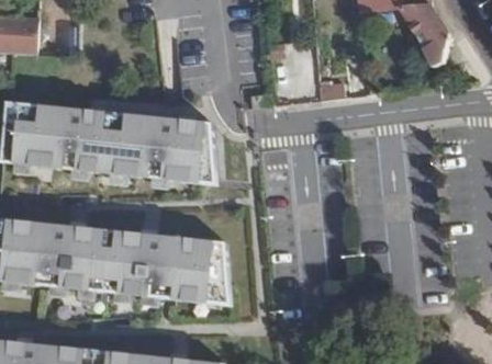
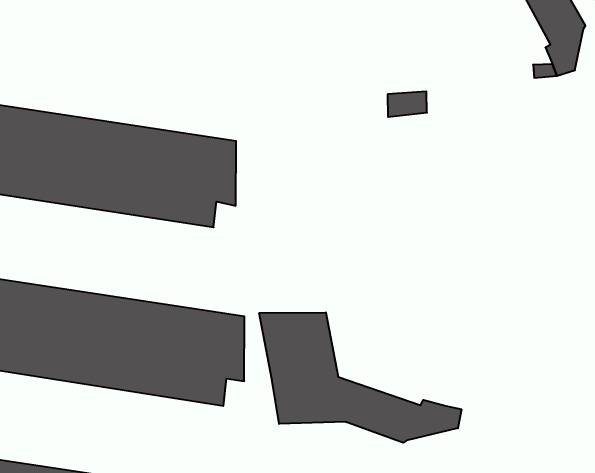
building: none -> [259,312,461,443]

